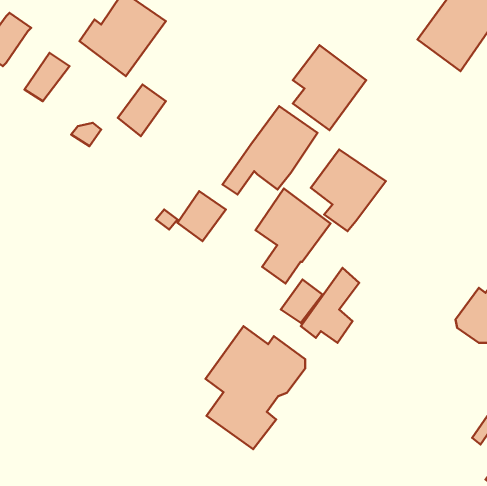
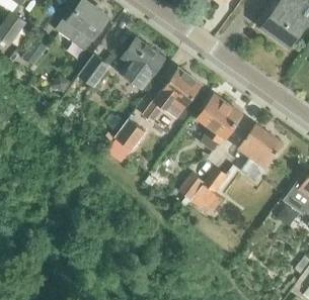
building: [293,45,366,130] -> [121,36,165,88]
building: [255,188,330,283] -> [237,122,283,180]
building: [205,326,305,449] -> none

